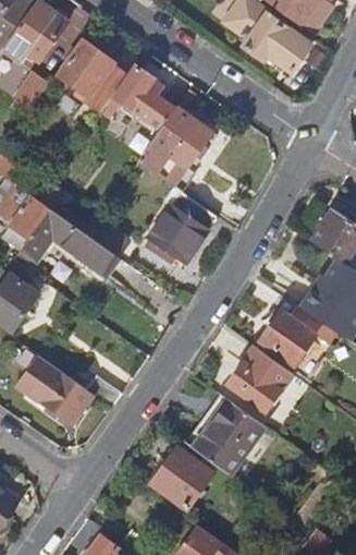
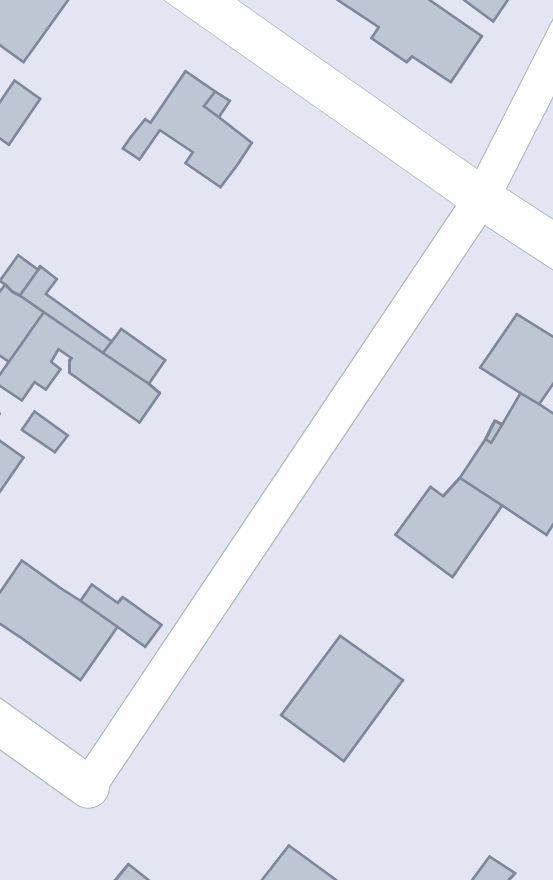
building: [58,40,127,105] -> none
building: [137,108,211,191] -> none
building: [145,194,219,269] -> none
building: [226,346,291,411] -> none
building: [149,448,211,509] -> none

